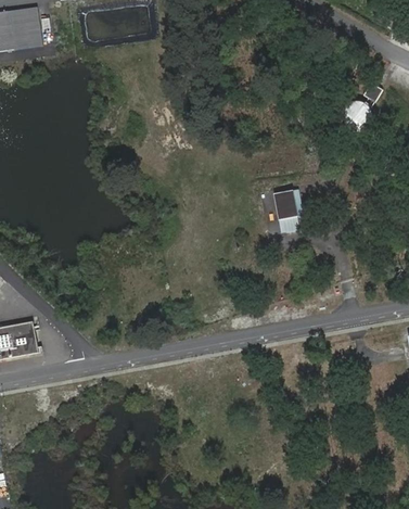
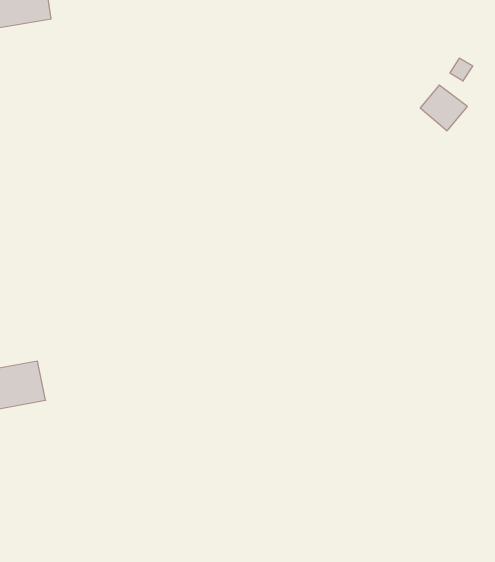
building: [274,188,298,217] -> none

